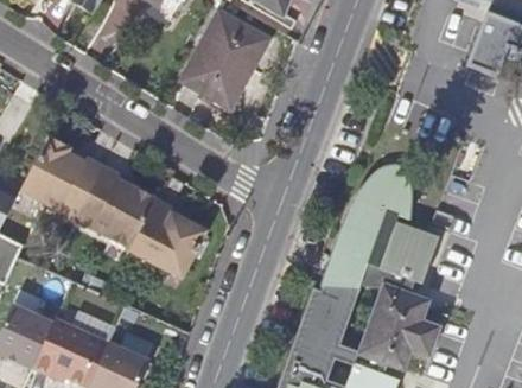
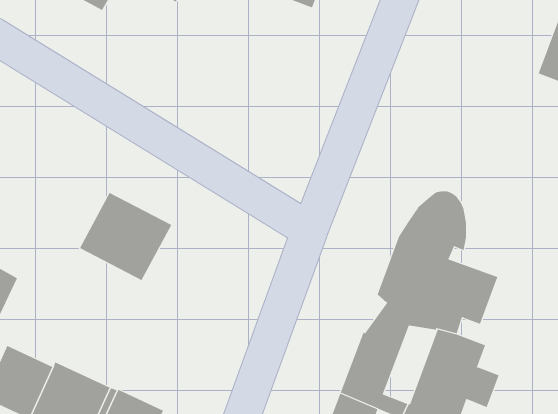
building: [182,13,268,106] -> none
building: [20,135,101,218] -> none
building: [128,198,205,273] -> none

